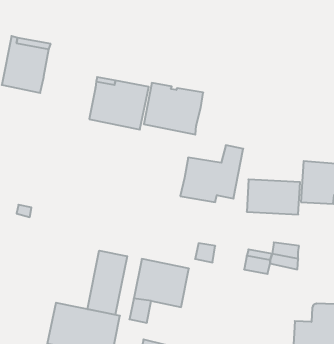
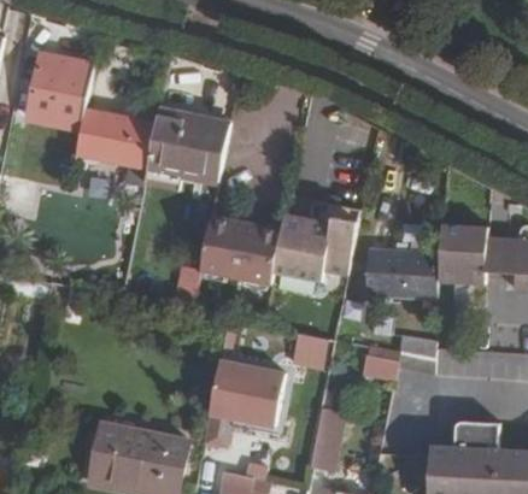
building: none -> [75,108,156,167]
building: [144,83,203,135] -> [200,213,282,284]
building: [87,251,127,315] -> none
building: none -> [309,408,344,471]

